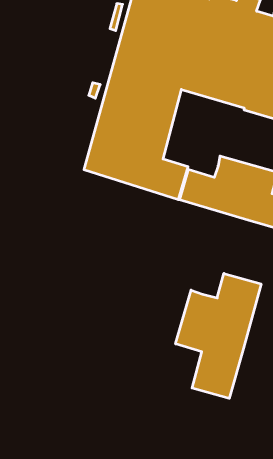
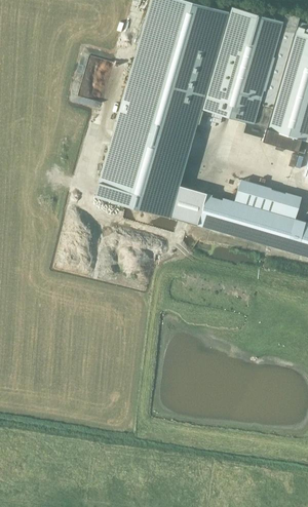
building: [176,273,261,398] -> none

